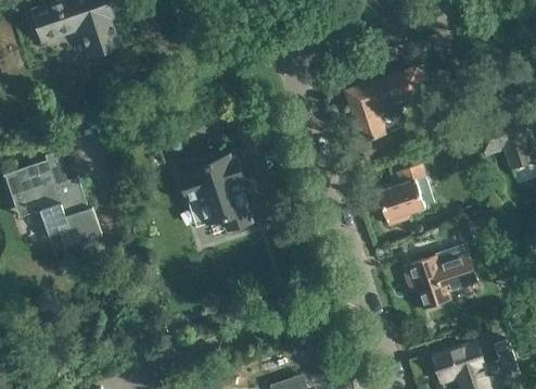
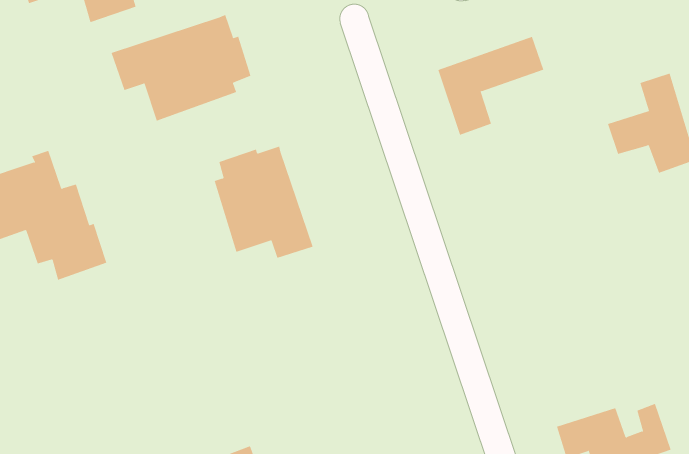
building: none -> [111,14,251,121]
building: [378,164,427,222] -> none
building: [401,255,478,309] -> none

